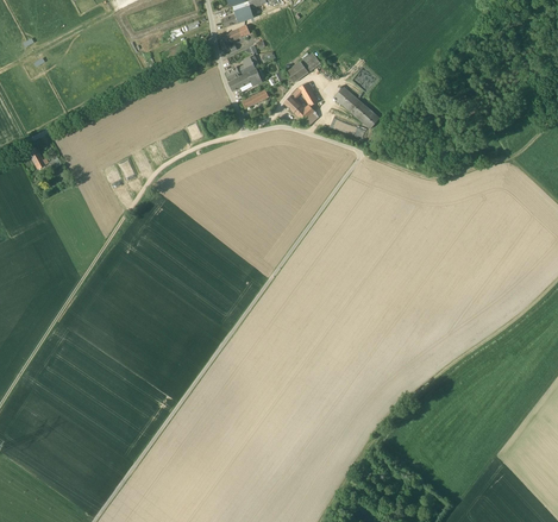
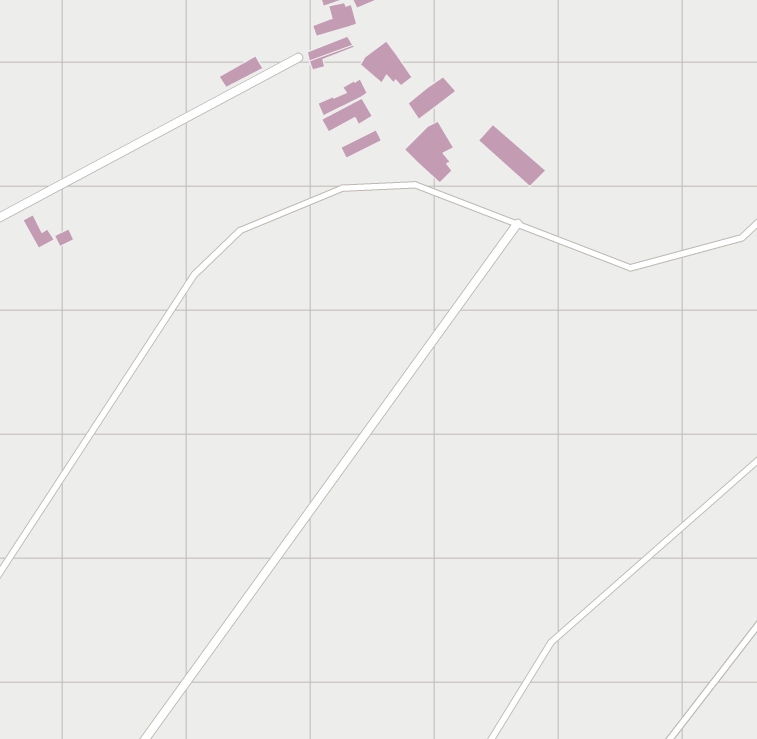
building: none -> [360,41,412,86]

